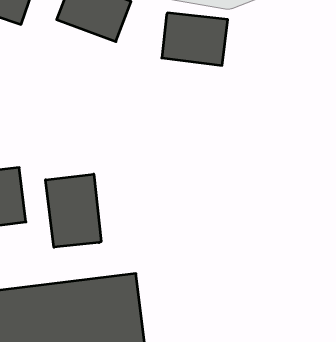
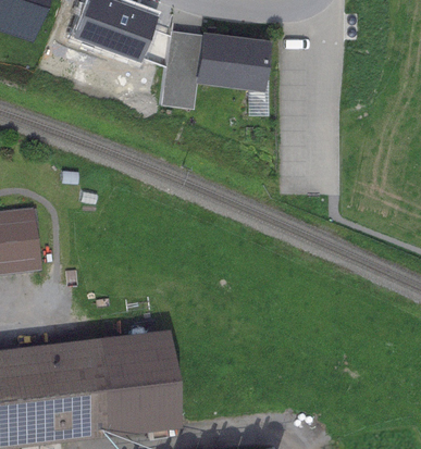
building: none -> [161,30,201,110]
building: [46,174,101,247] -> none

